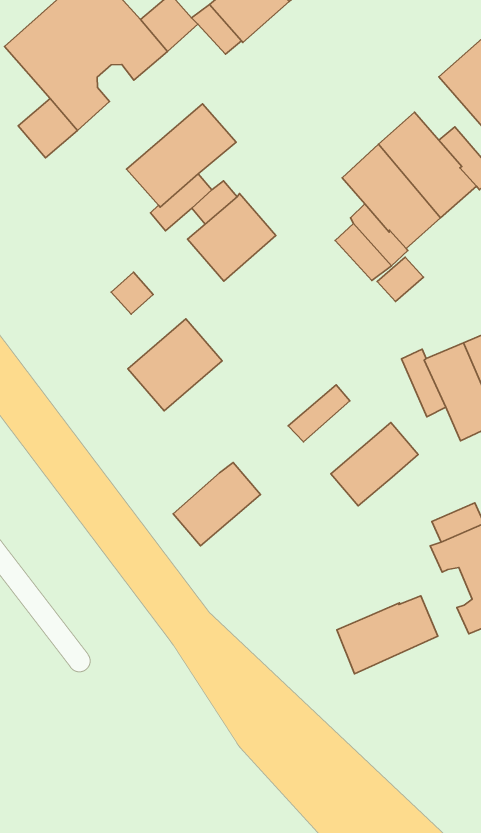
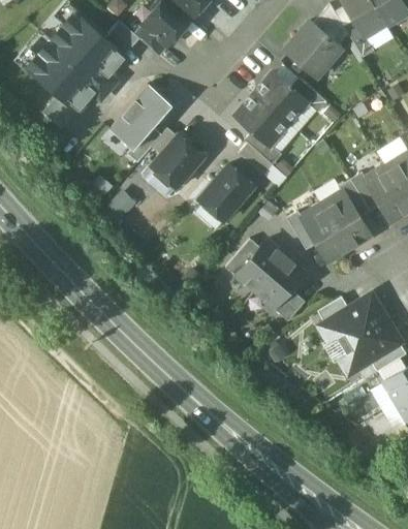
building: [128,319,222,411] -> [198,163,253,219]
building: [173,462,261,546] -> [236,239,285,290]
building: none -> [273,287,305,320]
building: [337,596,438,674] -> none

